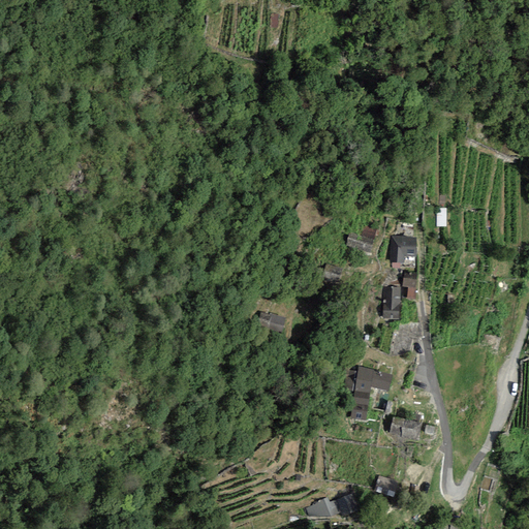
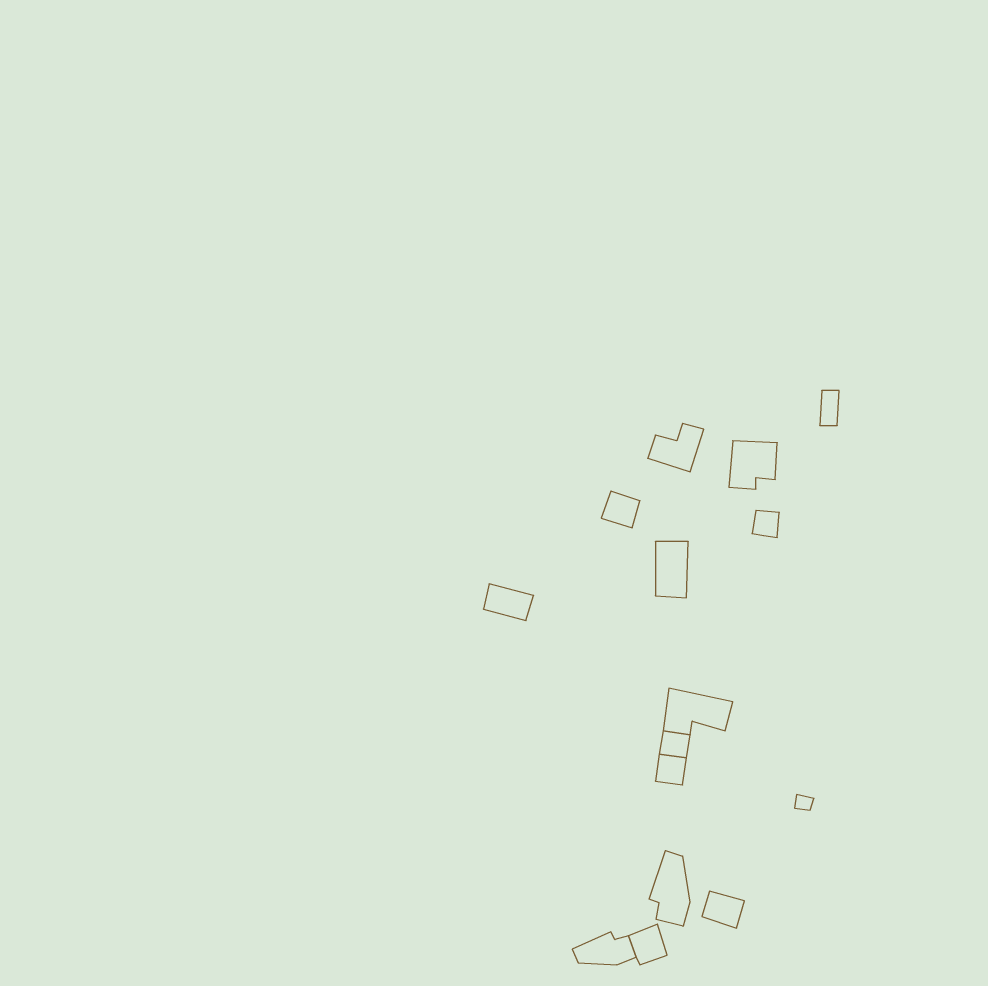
building: [383,288,401,318] -> [655,542,688,598]
building: [390,416,416,439] -> none
building: none -> [649,851,690,926]

